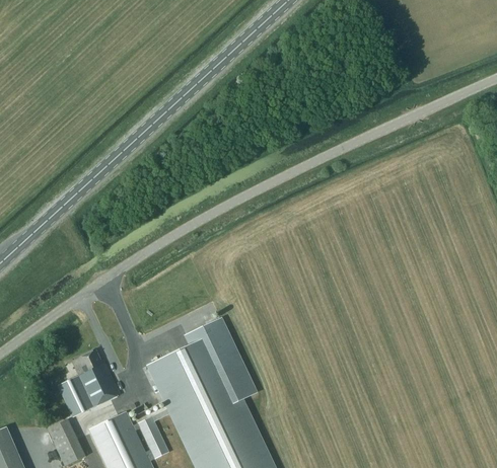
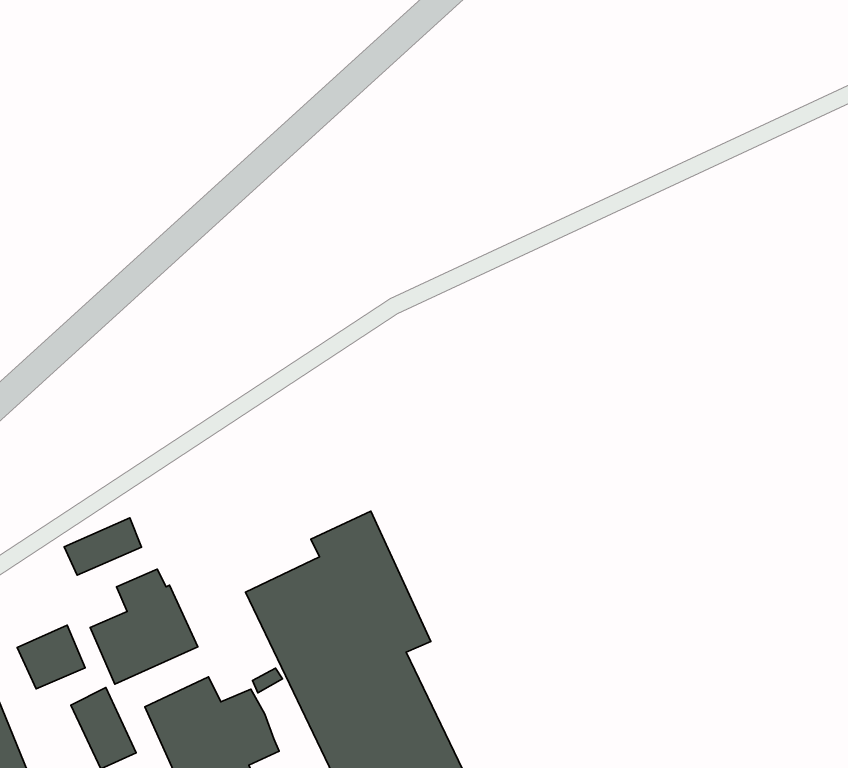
building: none -> [64,518,141,575]
building: none -> [17,625,85,689]

